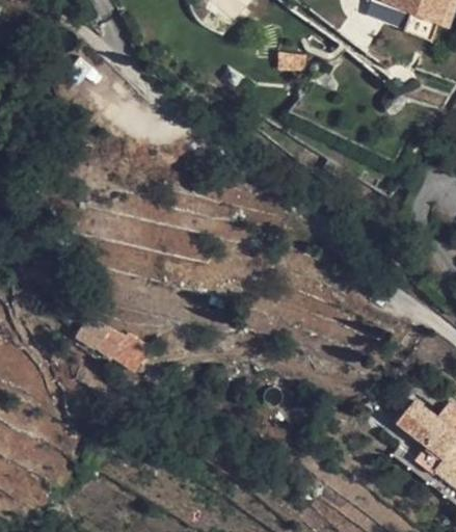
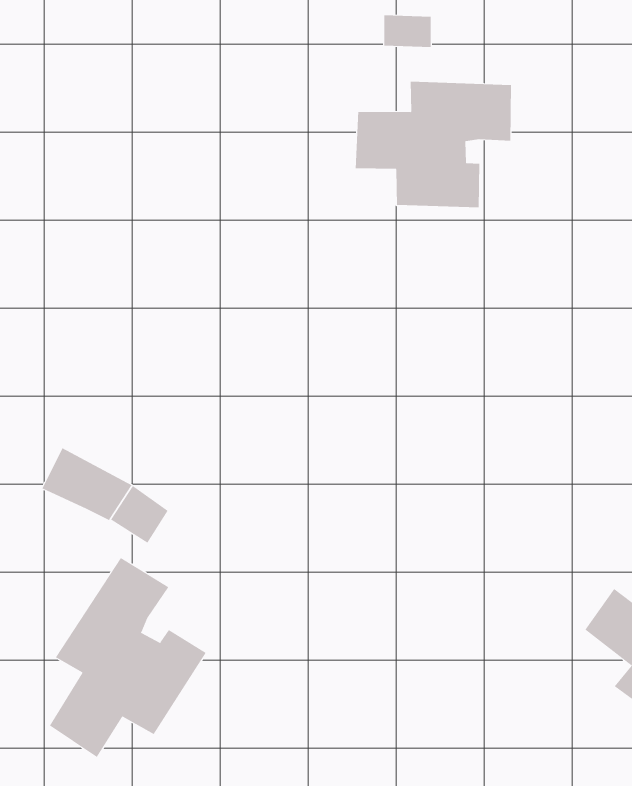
building: none -> [355,81,512,208]
building: none -> [49,557,207,758]

